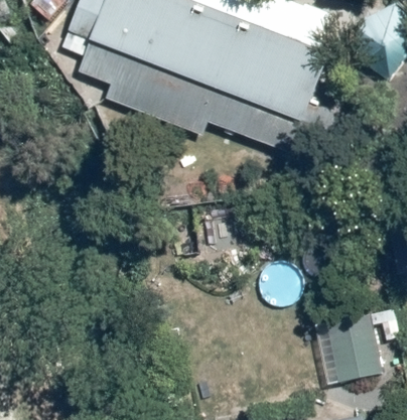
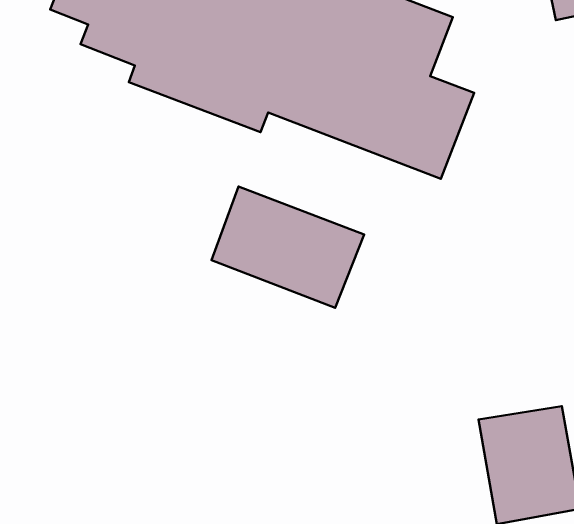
building: none -> [212,186,364,308]

